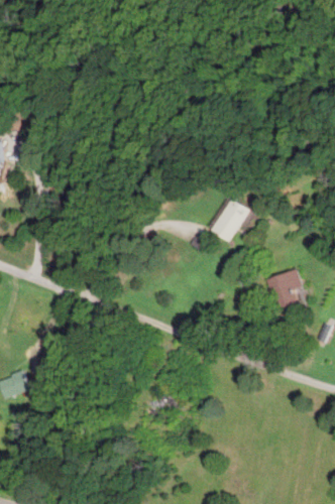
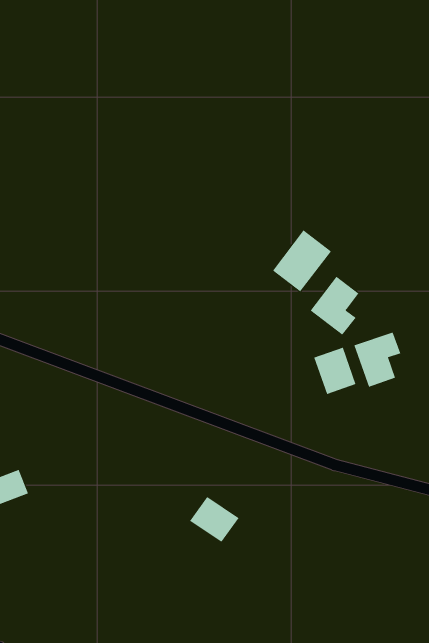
building: none -> [310,276,359,336]
building: none -> [314,347,356,395]

